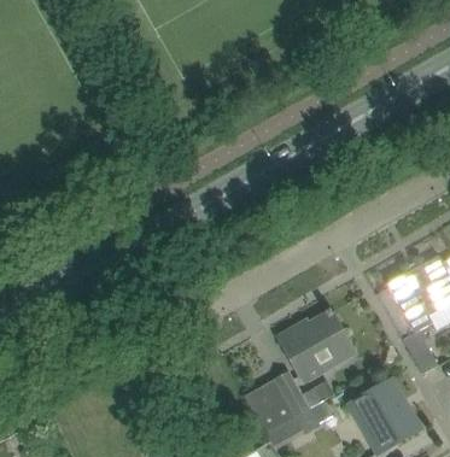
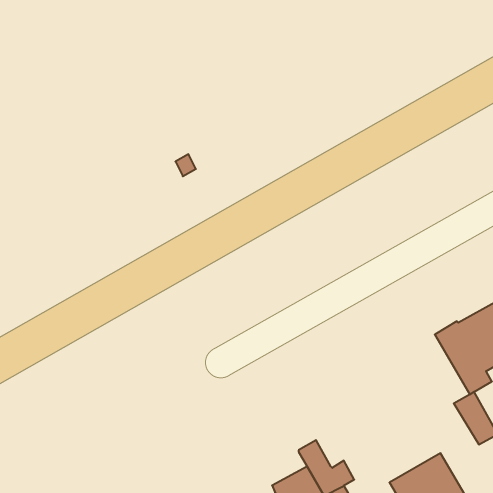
building: [279,307,352,381] -> none

